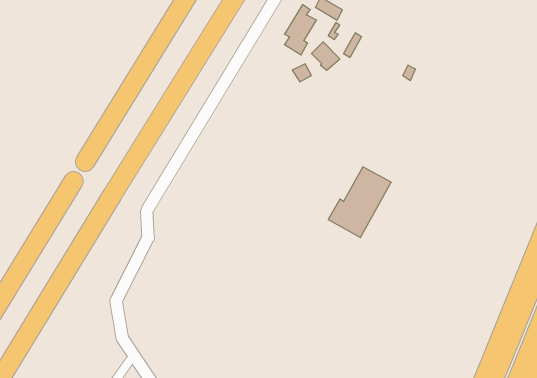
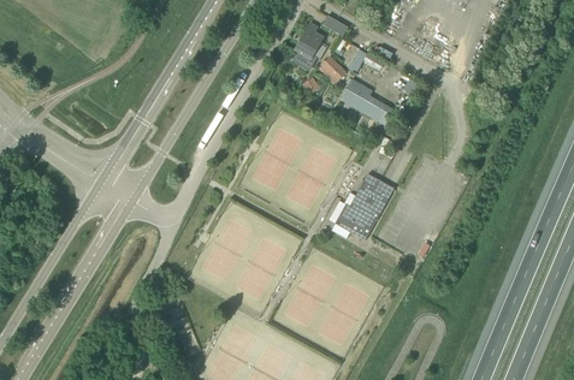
building: none -> [341,78,395,125]

